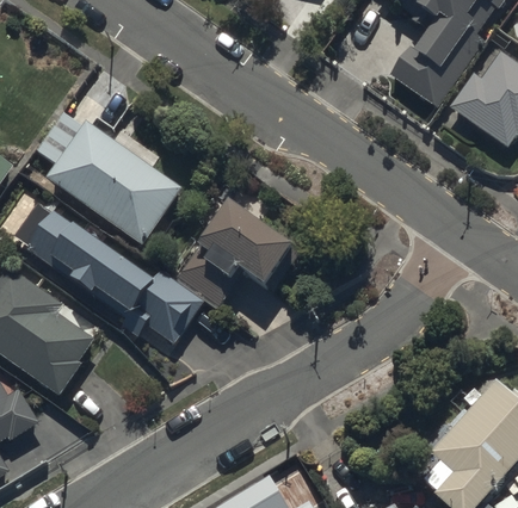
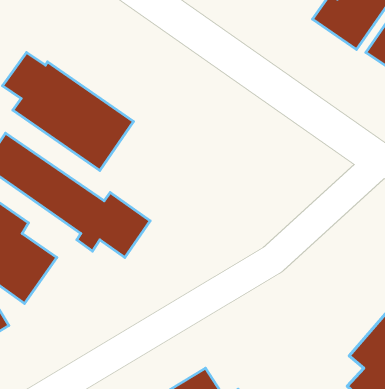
building: [177,204,296,305] -> none

